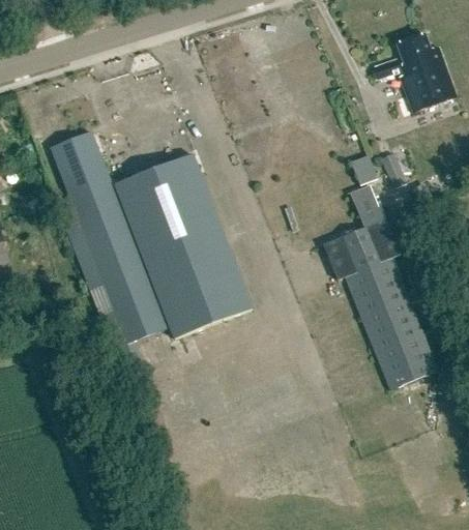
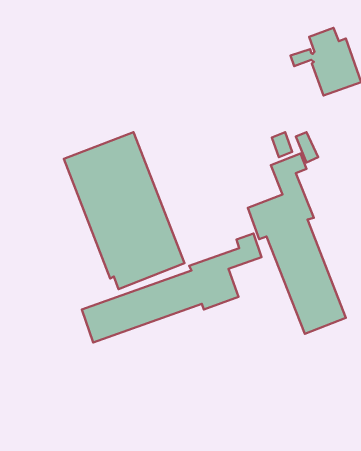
building: [51,128,166,345] -> none
building: none -> [82,234,262,342]

